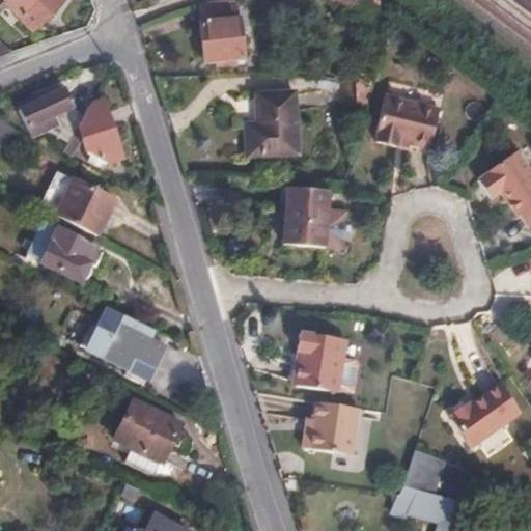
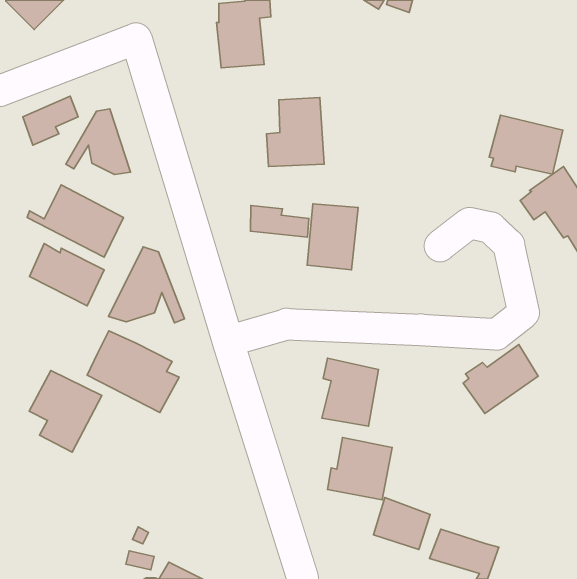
building: [378,92,445,146] -> [489,115,563,174]
building: none -> [250,205,309,237]
building: none -> [108,247,185,323]
building: [453,384,522,447] -> [463,345,538,414]
building: [114,400,180,475] -> [29,371,102,452]
building: [406,450,457,498] -> [373,497,430,549]

